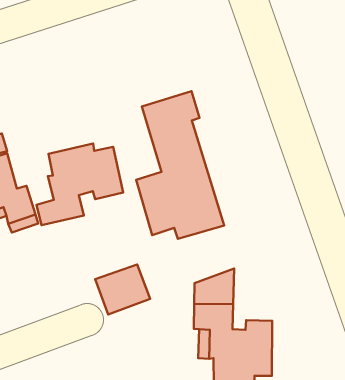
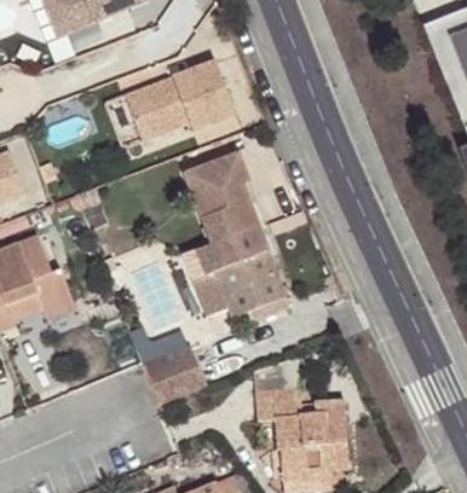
building: none -> [125,58,237,138]
building: [36,144,123,225] -> none

